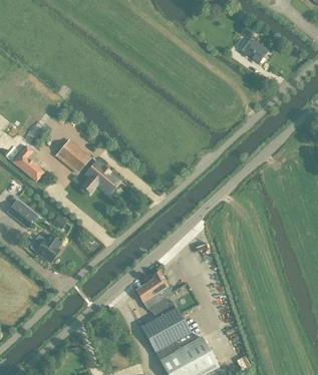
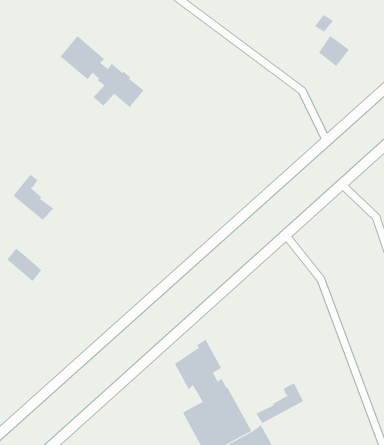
building: [55,138,119,194] -> [60,35,144,108]
building: [34,234,60,261] -> none
building: none -> [256,383,305,424]

